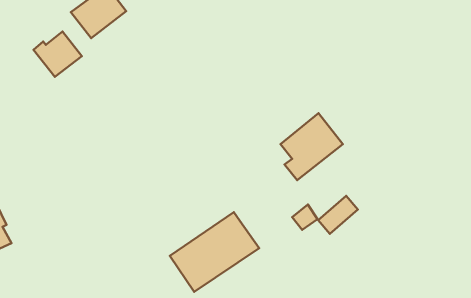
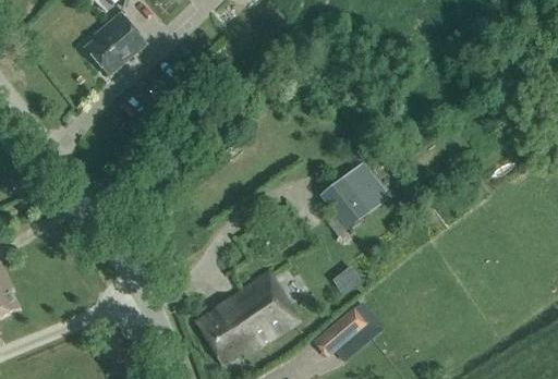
building: [33,31,82,77] -> none
building: [318,196,358,234] -> [322,307,366,350]

